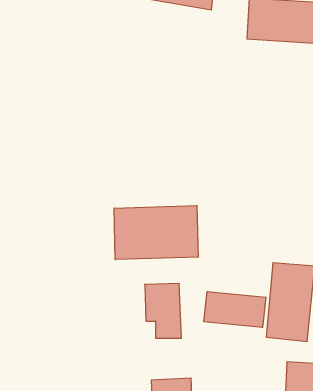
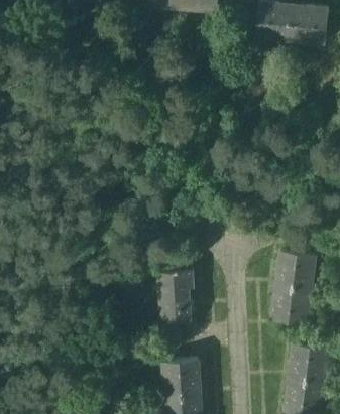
building: [114,205,198,260] -> none
building: [204,291,266,328] -> none

